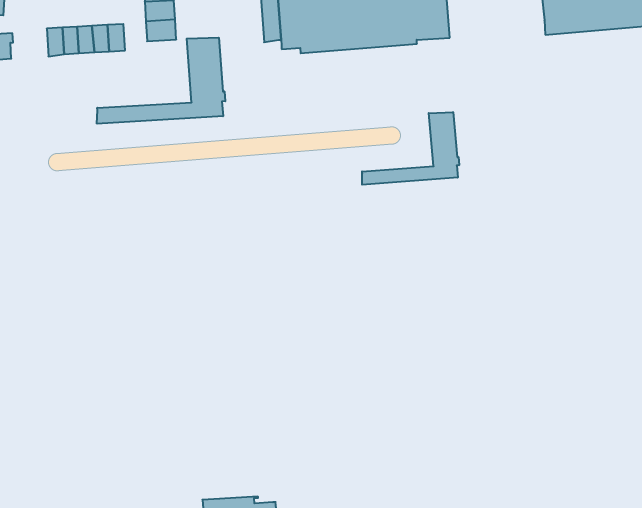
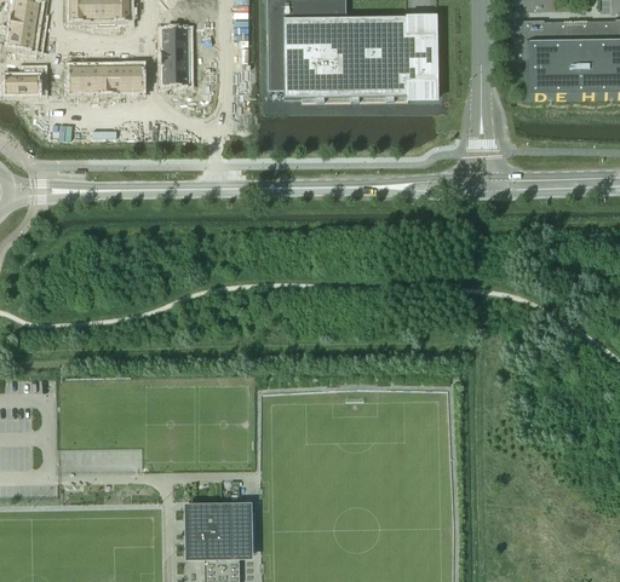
building: [97,38,225,124] -> none
building: [362,112,459,185] -> none

